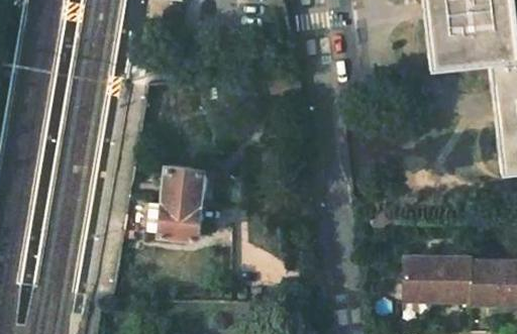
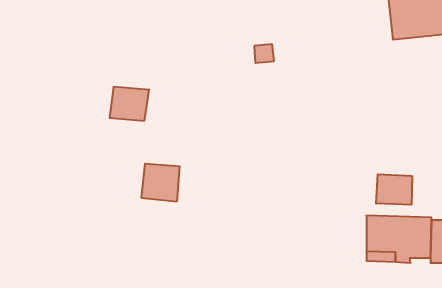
building: [167,168,209,204] -> [110,87,149,121]
building: none -> [376,174,412,205]

